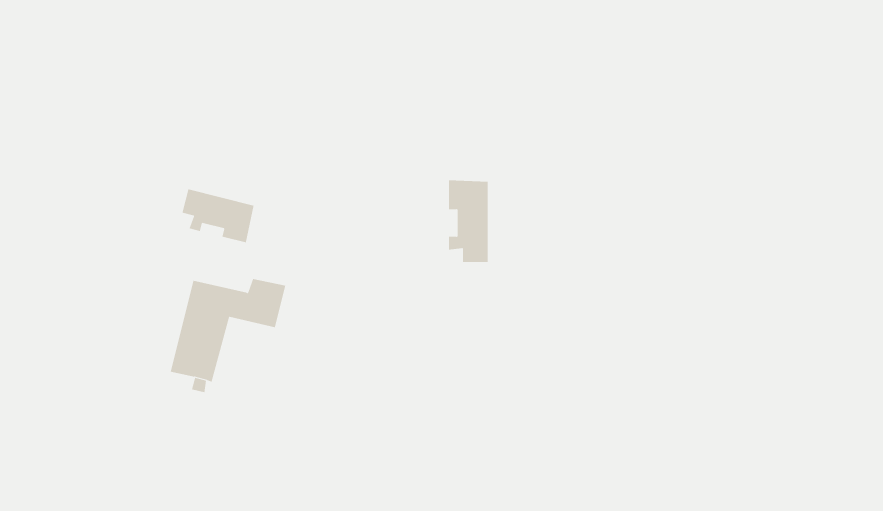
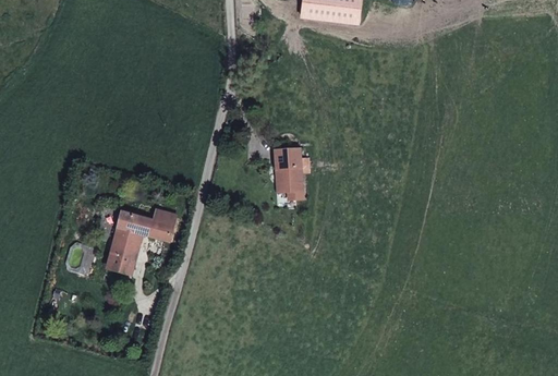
building: [182,189,254,243] -> none

